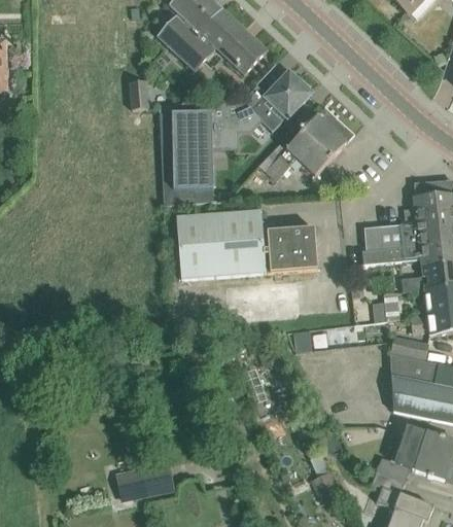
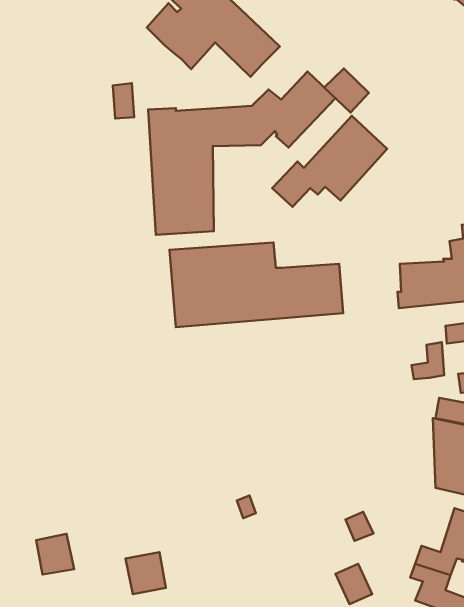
building: none -> [324,69,369,113]
building: [115,466,146,499] -> [36,534,74,574]

